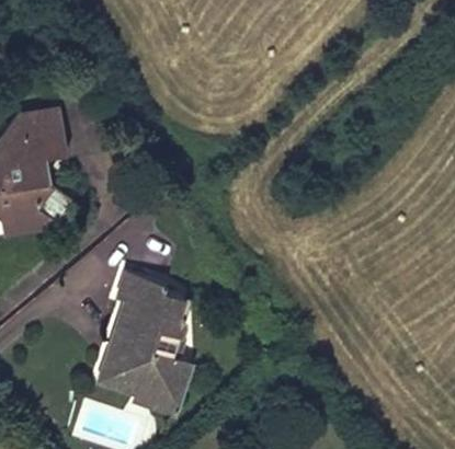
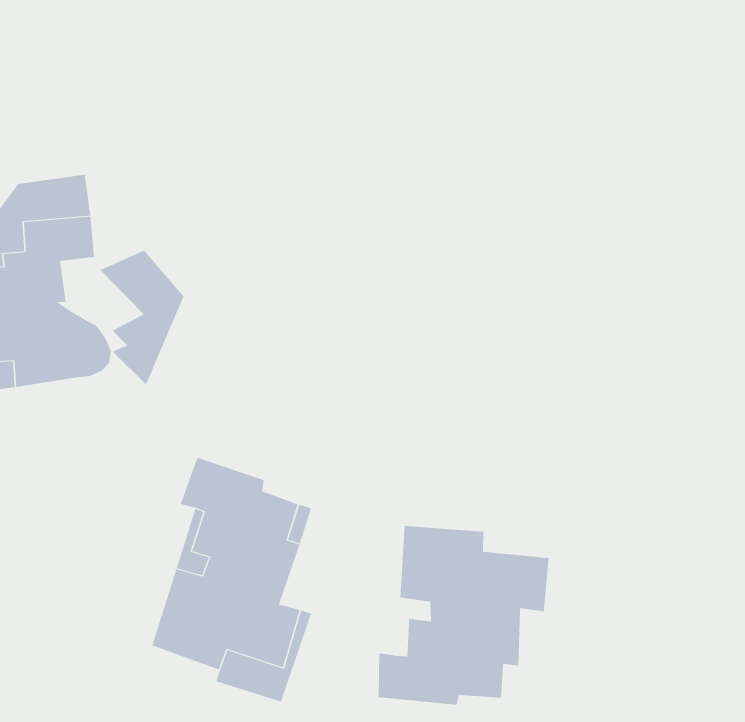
building: none -> [99,250,184,386]
building: none -> [378,525,549,706]

